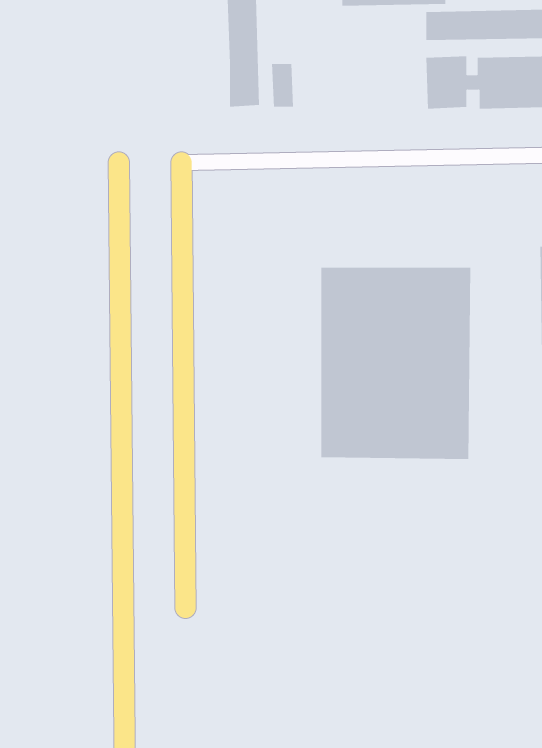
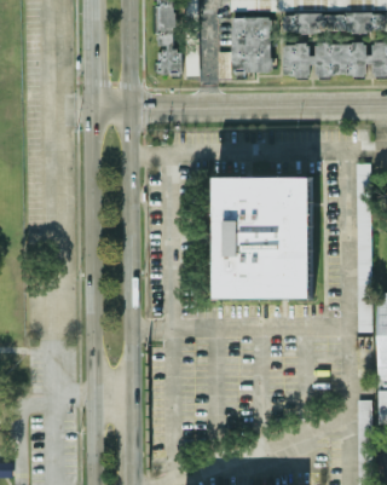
building: none -> [216,17,272,77]

